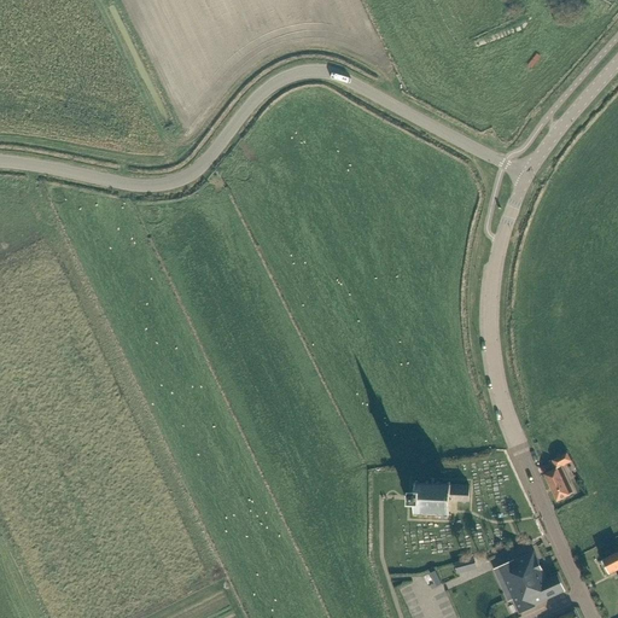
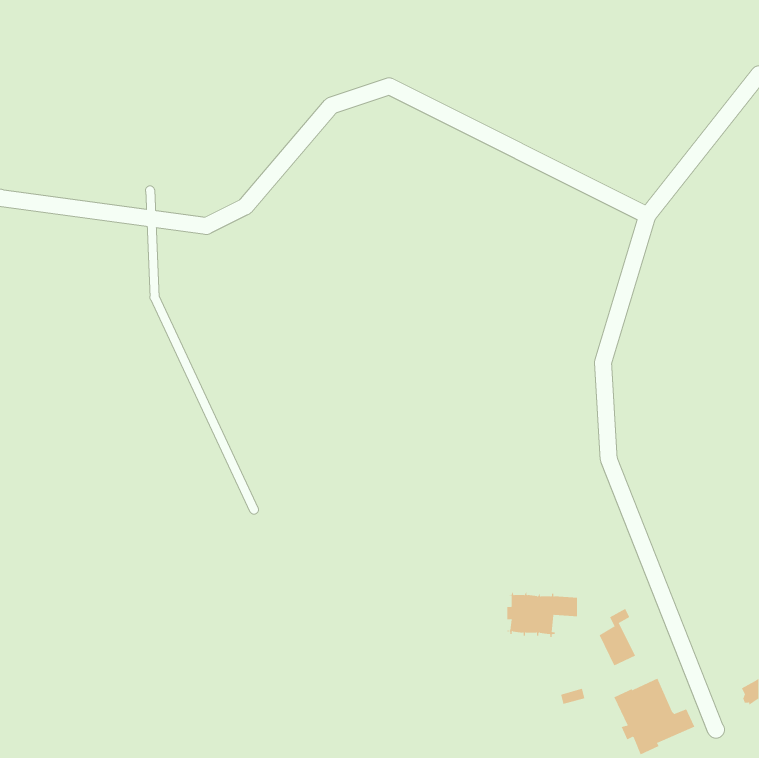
building: [544,453,575,500] -> [599,608,636,666]

